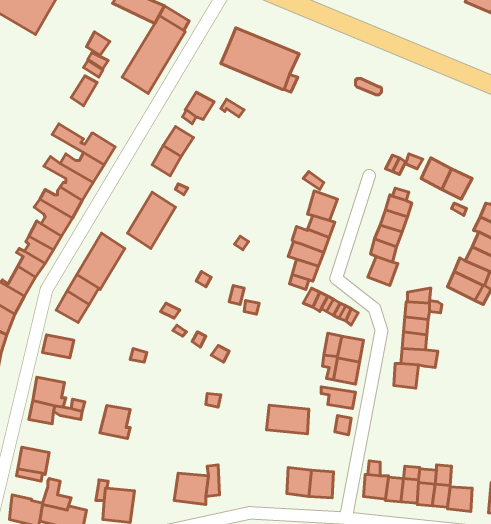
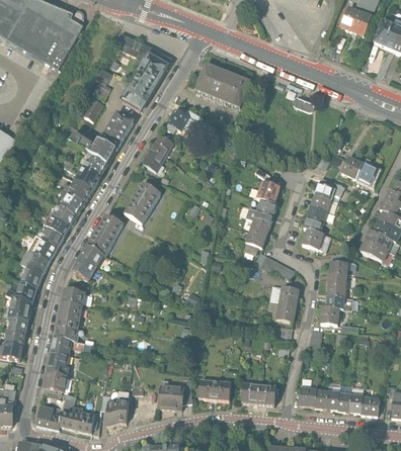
building: none -> [99,109,133,148]
building: none -> [58,299,82,322]
building: [266,405,309,434] -> [199,381,231,402]
building: [100,406,130,438] -> [47,349,69,373]

